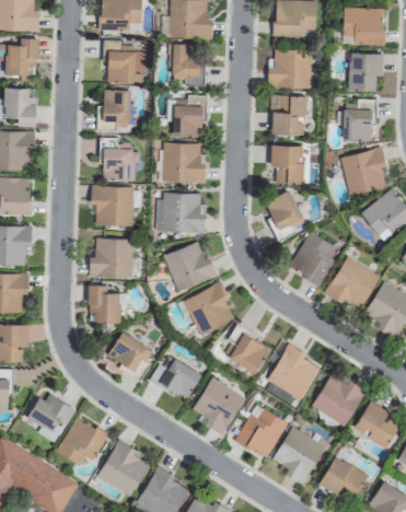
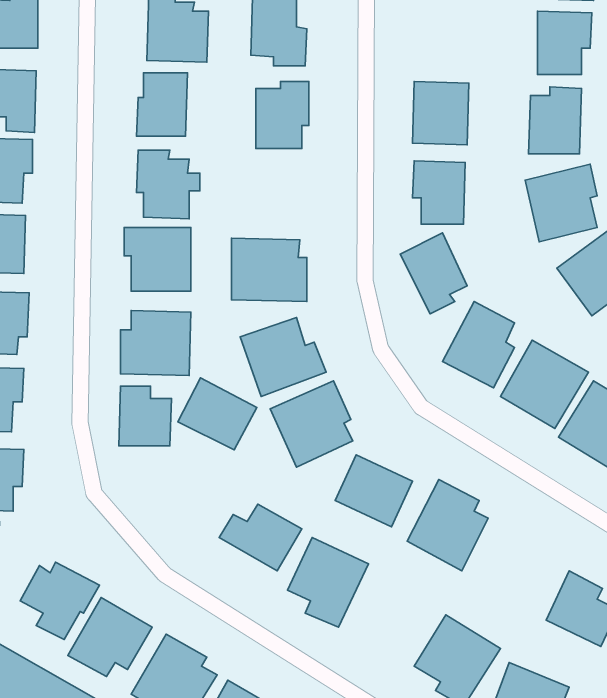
building: [268,49,312,88] -> none
building: [162,142,206,183] -> none
building: [107,331,156,376] -> [178,378,257,450]
building: [312,373,367,427] -> none
building: [235,404,288,458] -> none

